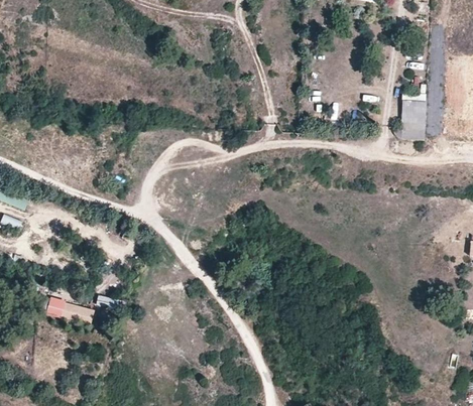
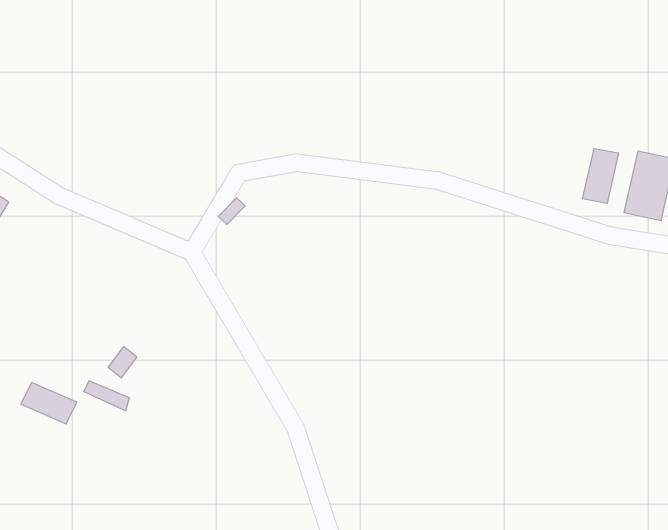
building: none -> [583,148,619,203]

